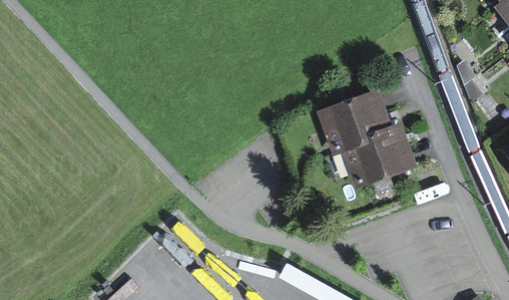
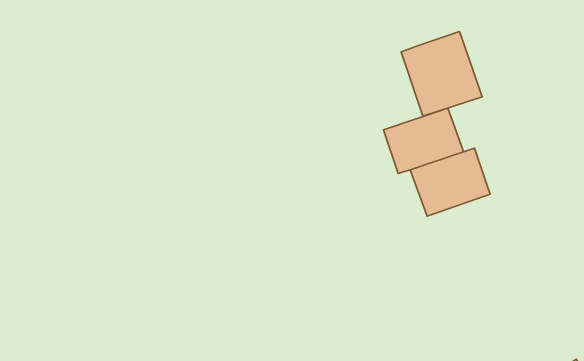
building: none -> [401,32,482,116]

